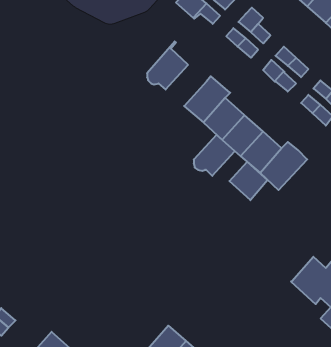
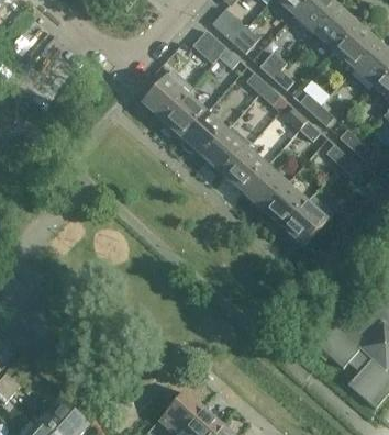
building: none -> [141,76,191,121]
building: [194,135,235,176] -> [181,112,225,156]
building: [229,162,268,200] -> none

